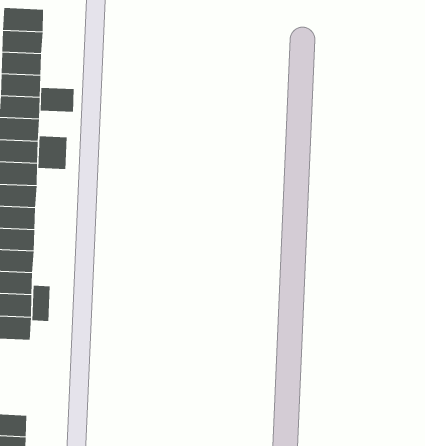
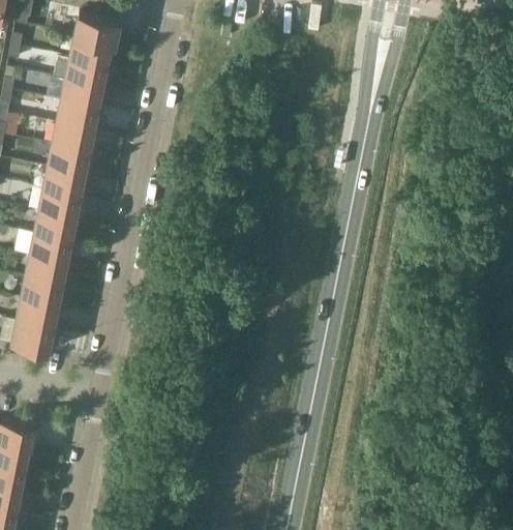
building: [40,87,74,113] -> none
building: [38,135,67,170] -> none
building: [32,285,50,322] -> none

